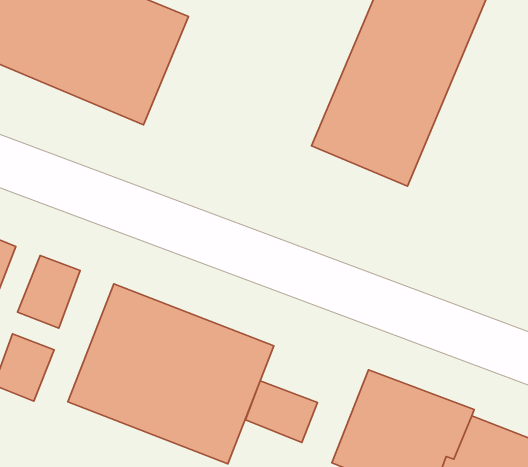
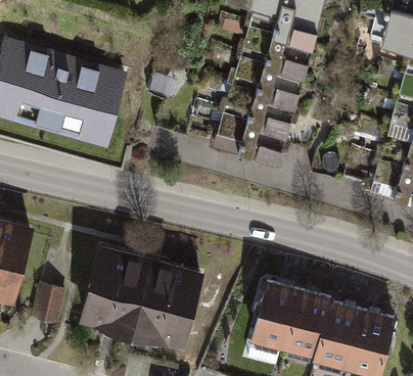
building: [17,255,80,328] -> none
building: [246,381,317,442] -> none

